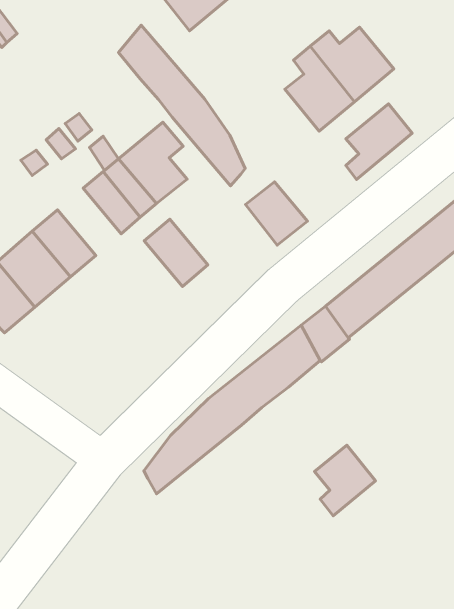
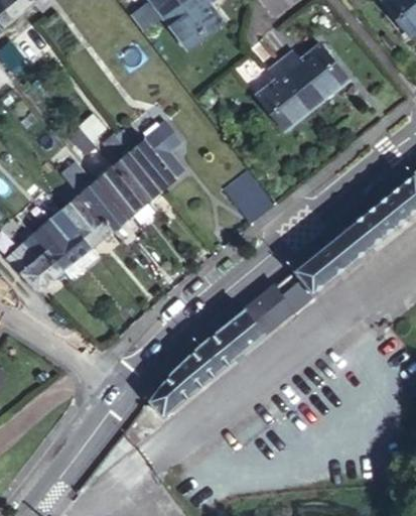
building: [119,25,245,186] -> none
building: [346,104,412,179] -> none
building: [144,219,208,286] -> [81,176,131,230]
building: [314,445,375,516] -> none

